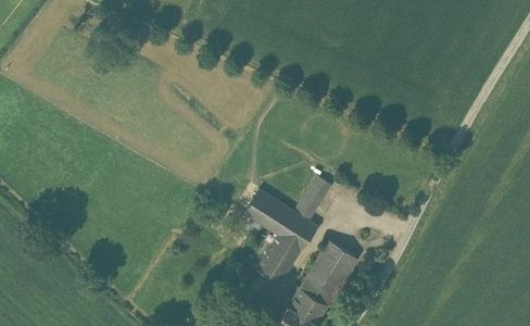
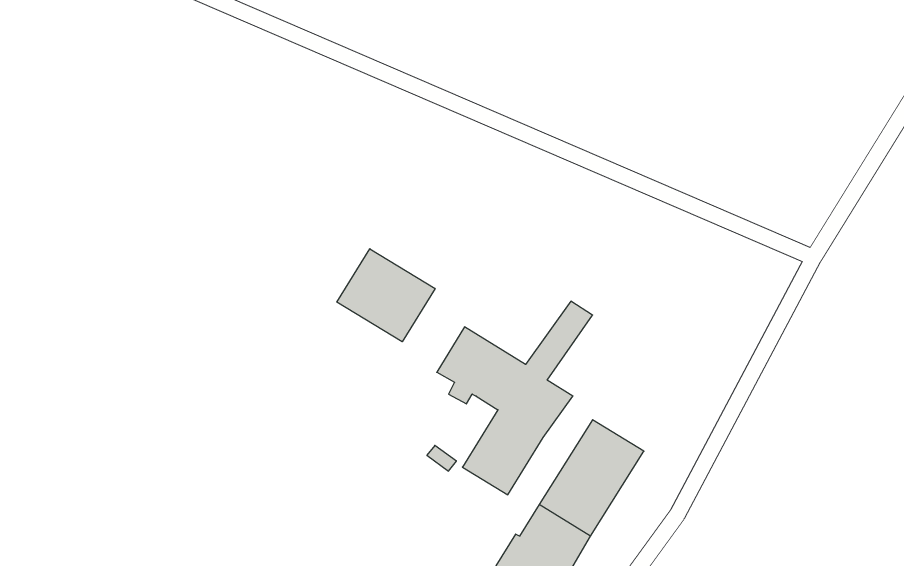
building: none -> [337,249,435,342]

